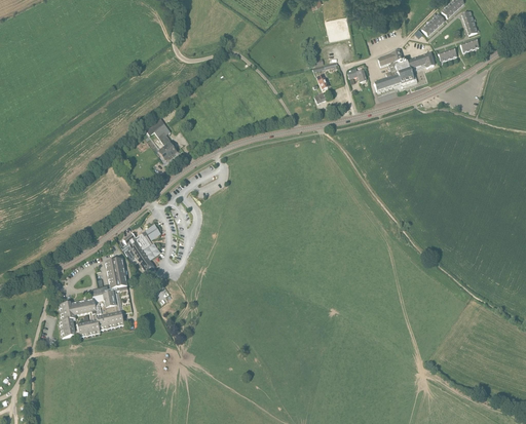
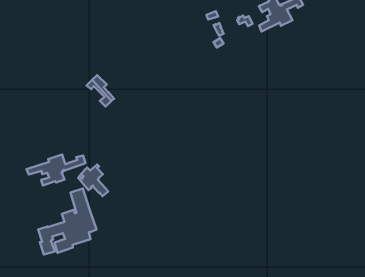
building: none -> [26,154,85,186]

